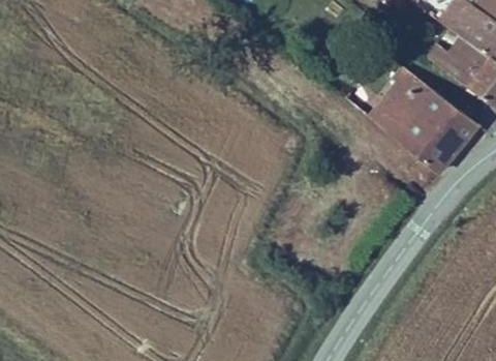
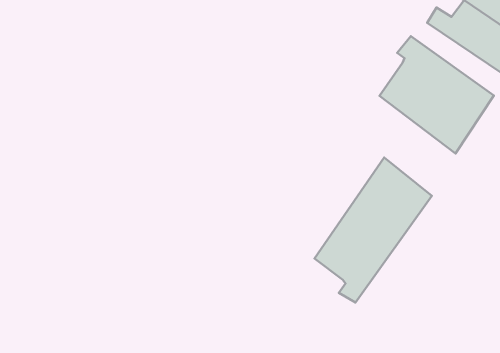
building: none -> [315,158,432,303]

